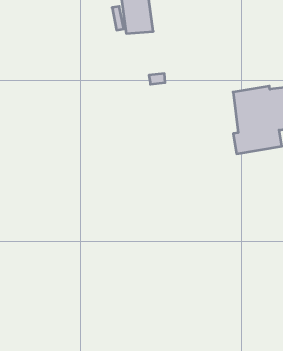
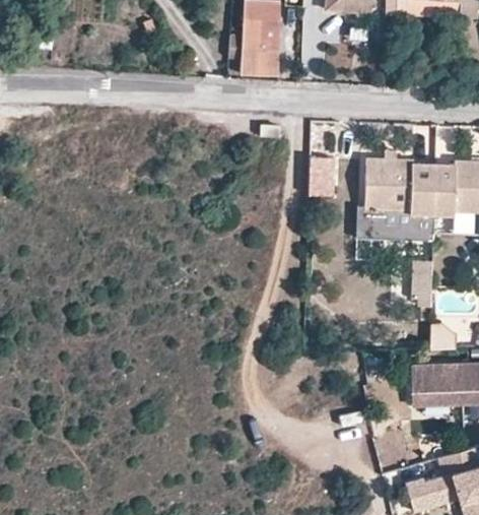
building: none -> [311,160,335,199]

